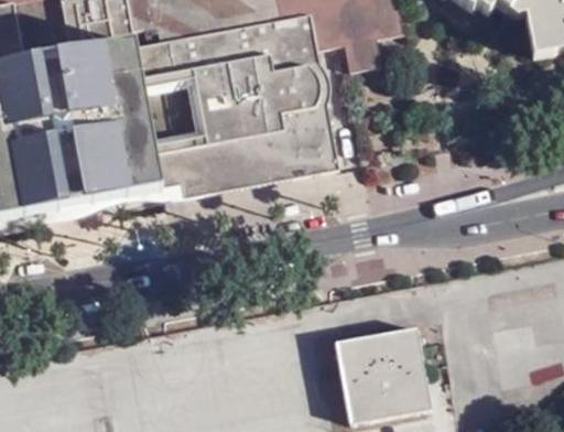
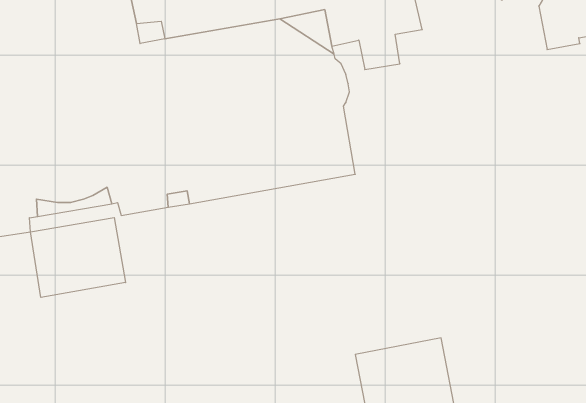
building: none -> [31,218,126,297]

